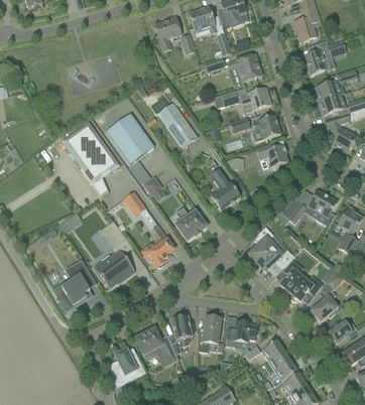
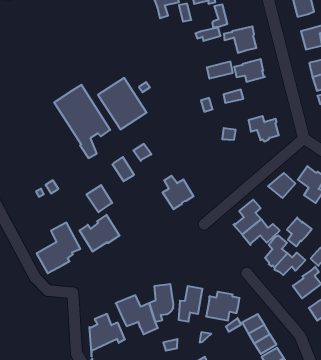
building: [157,102,197,147] -> none
building: [251,114,280,141] -> none
building: [211,167,240,210] -> none
building: [142,222,173,267] -> none
building: none -> [287,217,312,246]

